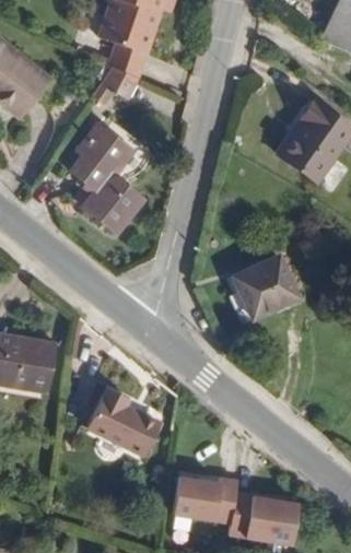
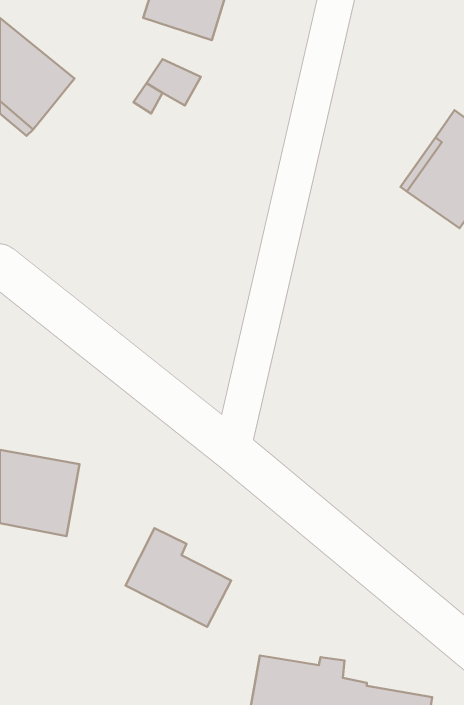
building: [67,122,143,233] -> none
building: [231,255,299,323] -> none

